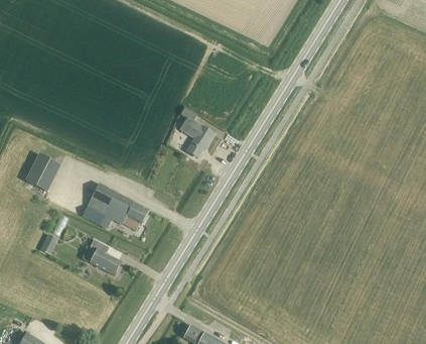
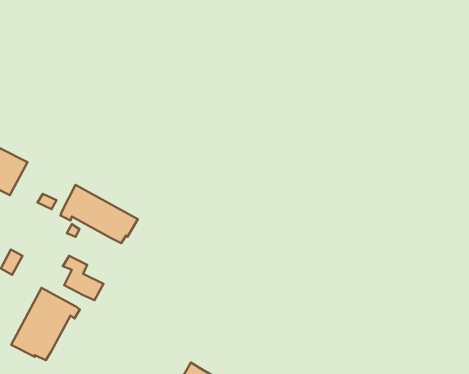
building: [179,107,214,156] -> none
building: none -> [11,288,80,360]

